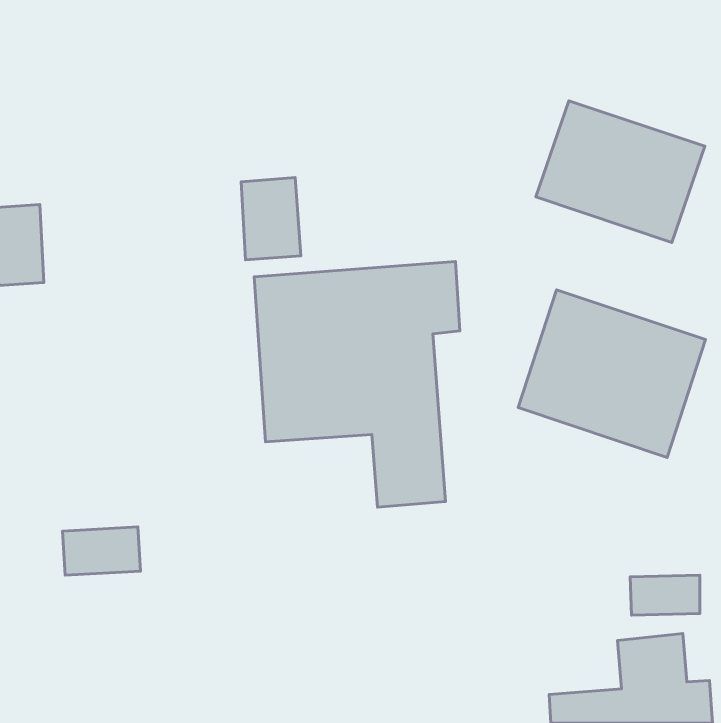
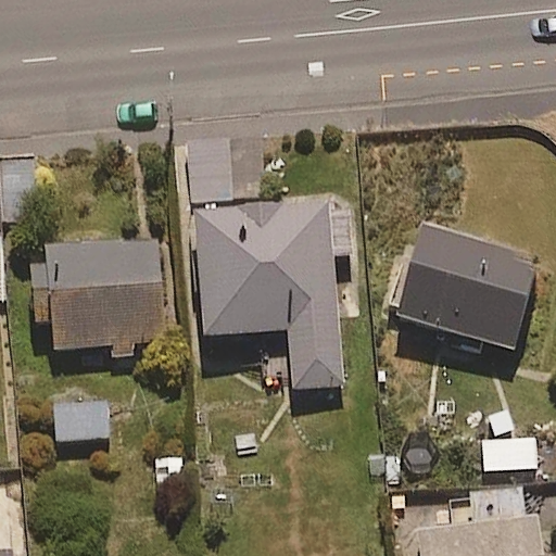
building: [536,101,705,242] -> none
building: none -> [30,240,164,357]

